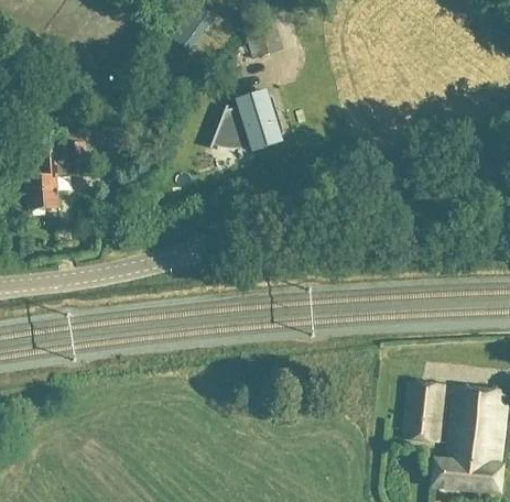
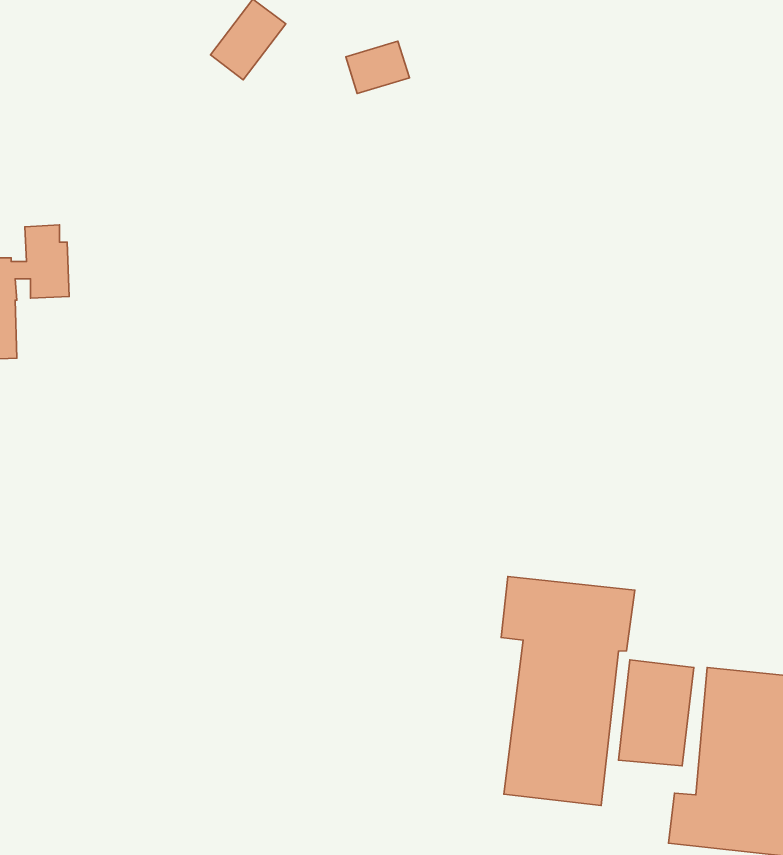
building: [210,90,284,151] -> none
building: none -> [501,576,635,806]

